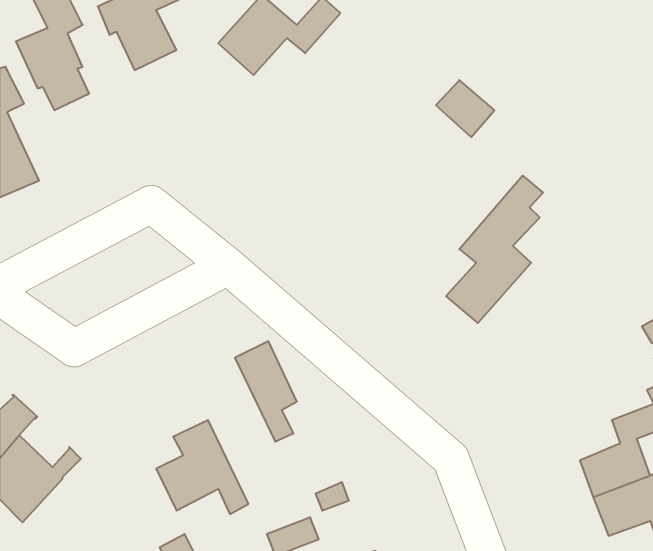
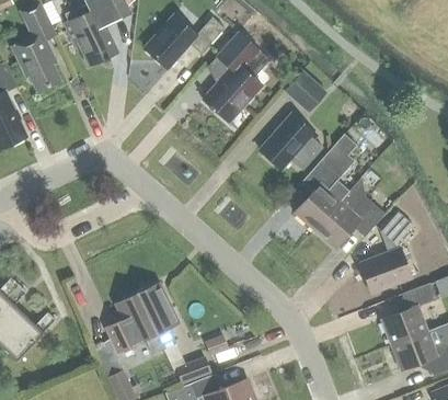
building: none -> [202,32,269,123]
building: none -> [260,114,323,170]
building: none -> [314,190,384,248]
building: none -> [359,210,413,293]
building: [235,341,297,442] -> [138,283,179,348]

